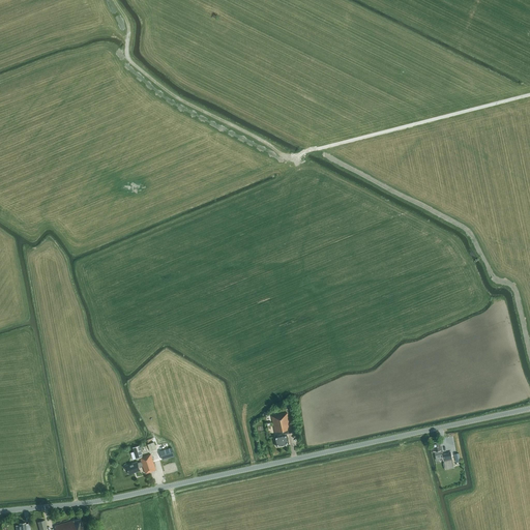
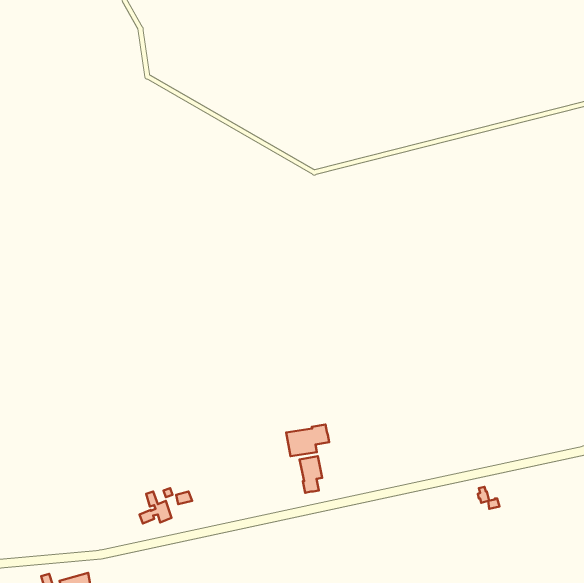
building: none -> [286,425,329,456]

